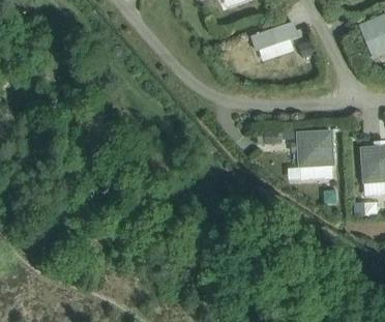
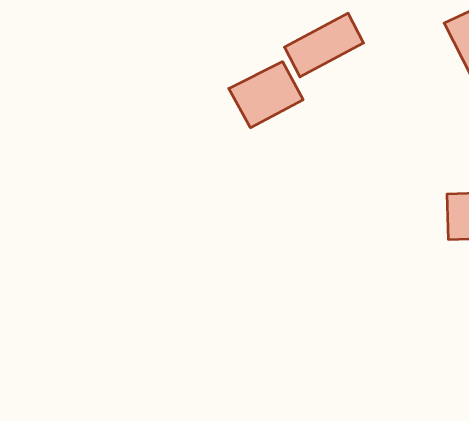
building: none -> [229,62,303,128]
building: [294,134,331,170] -> none

